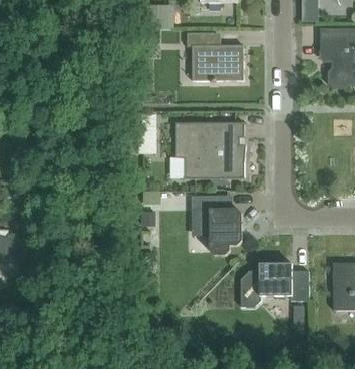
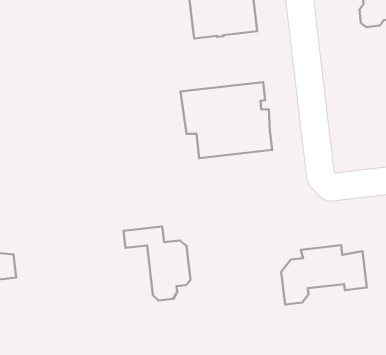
building: [191,195,241,255] -> [123,226,191,301]

